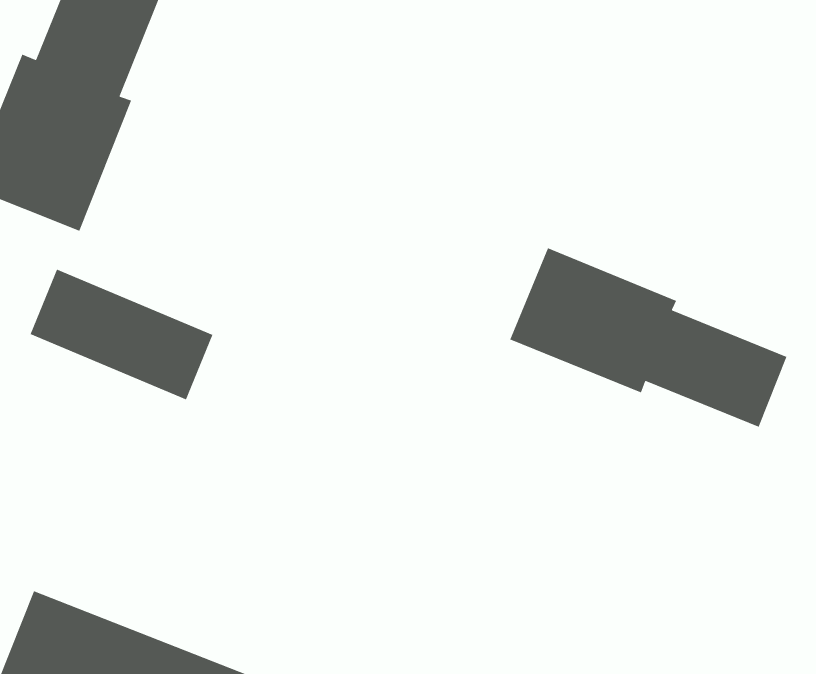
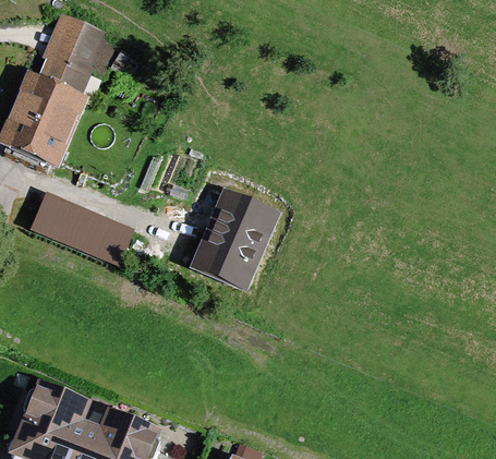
building: [509,247,788,428] -> none
building: none -> [192,183,280,286]

